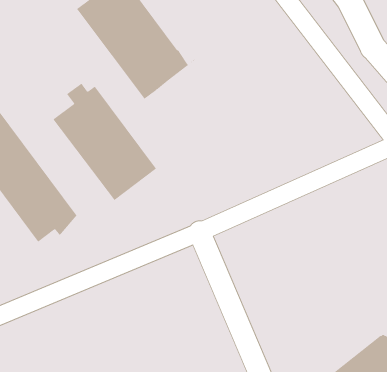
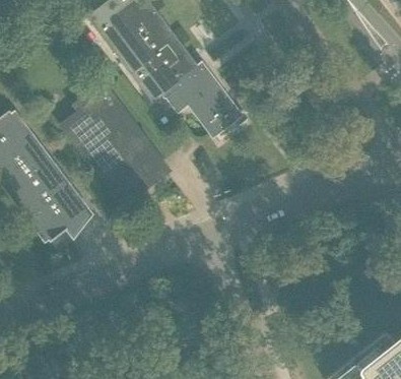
building: none -> [171,67,256,144]

